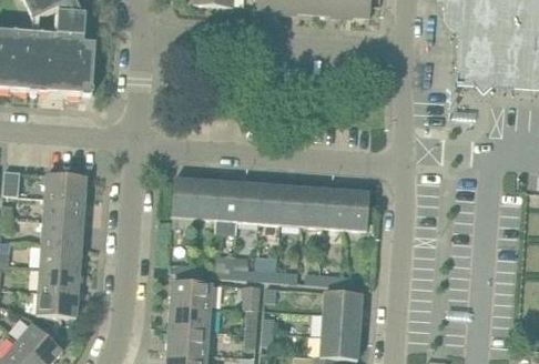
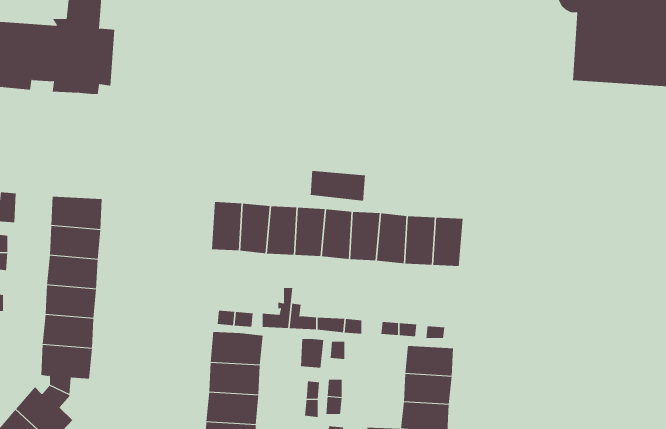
building: none -> [310,170,366,202]

